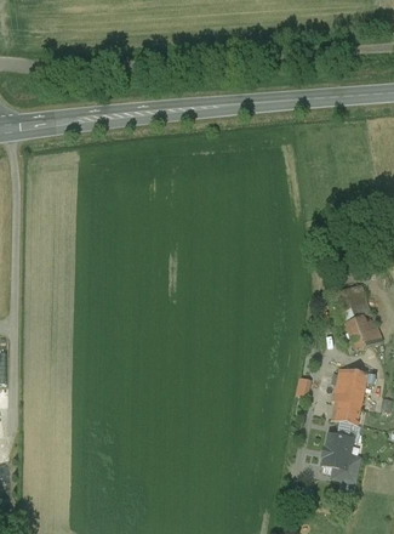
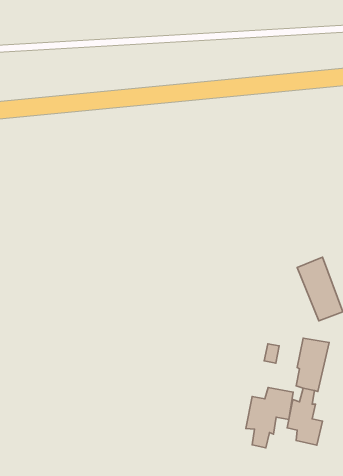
building: none -> [246,388,293,448]

